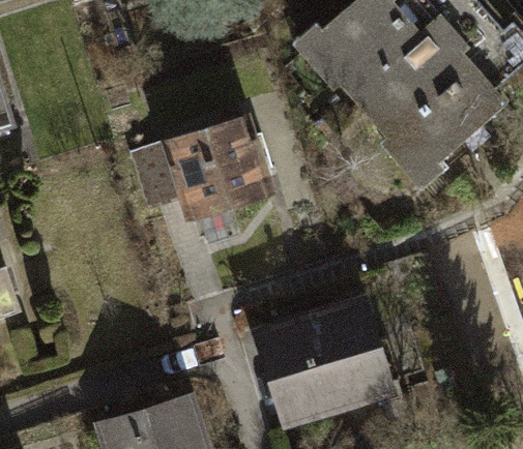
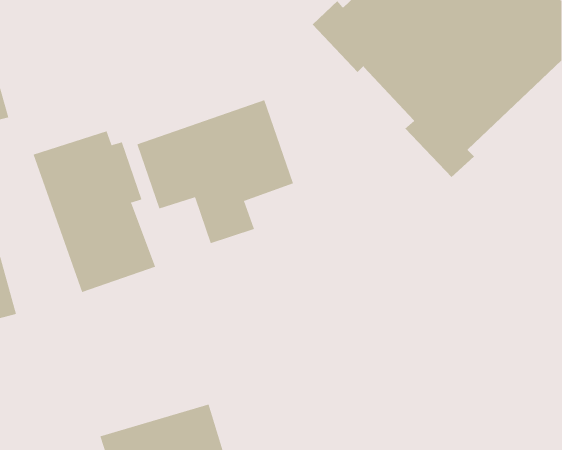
building: none -> [33,130,156,293]
building: [249,295,397,431] -> none

